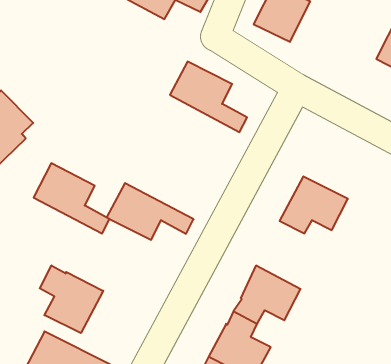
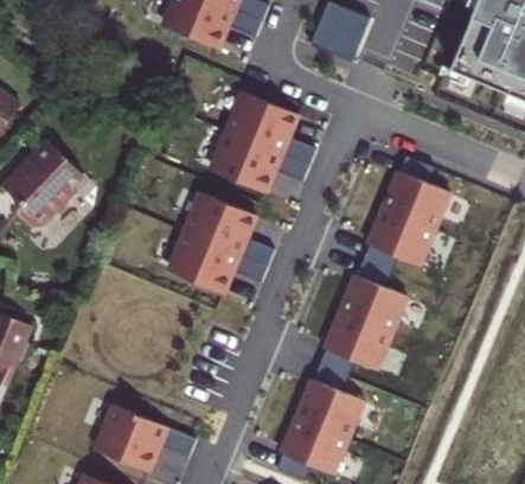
building: none -> [212,130,308,192]
building: none -> [382,158,449,231]
building: [34,163,110,234] -> [186,192,271,266]
building: none -> [337,261,404,335]
building: [40,265,103,333] -> none

